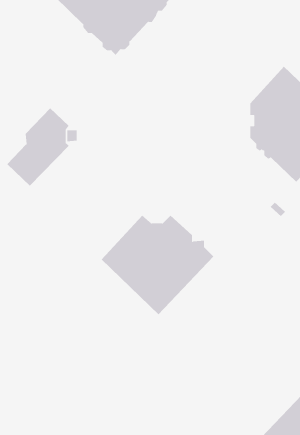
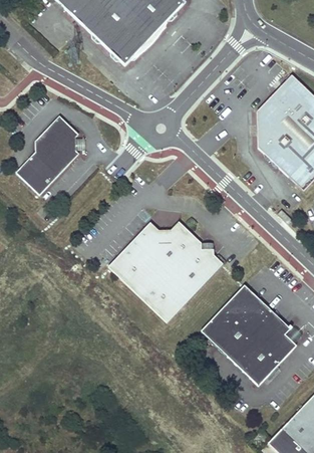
building: none -> [201,284,296,385]

